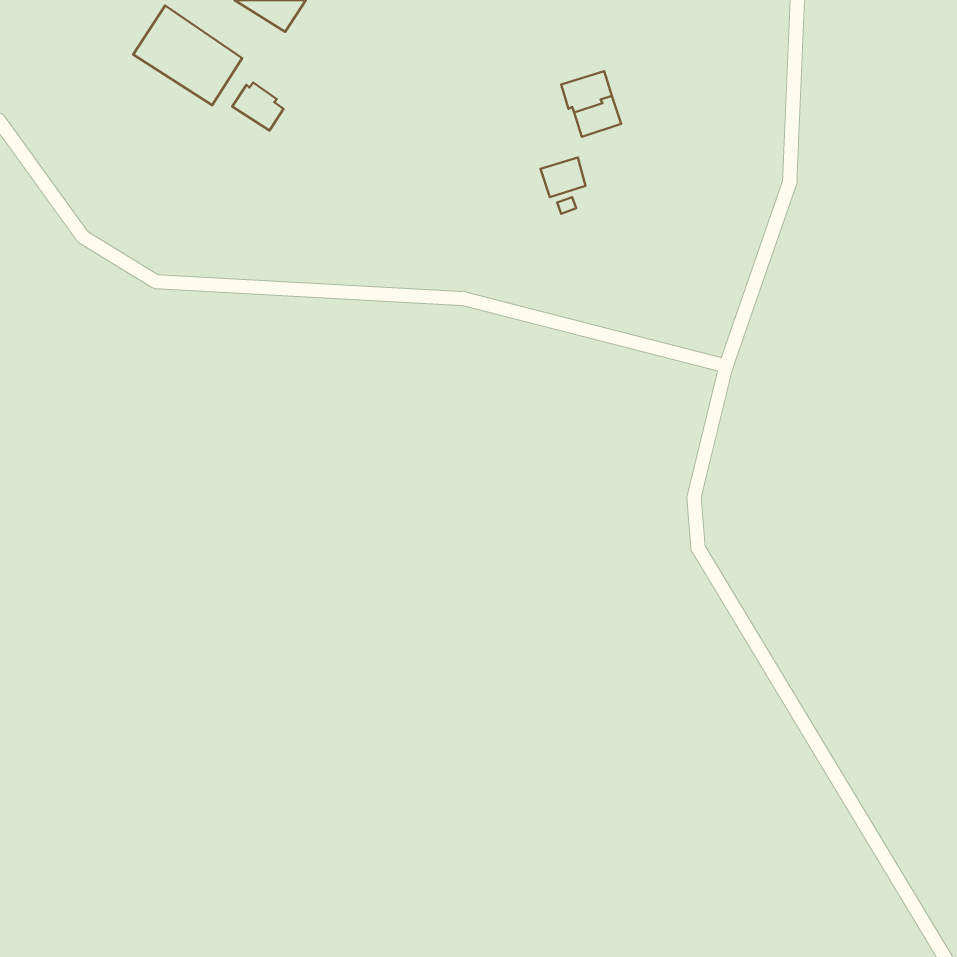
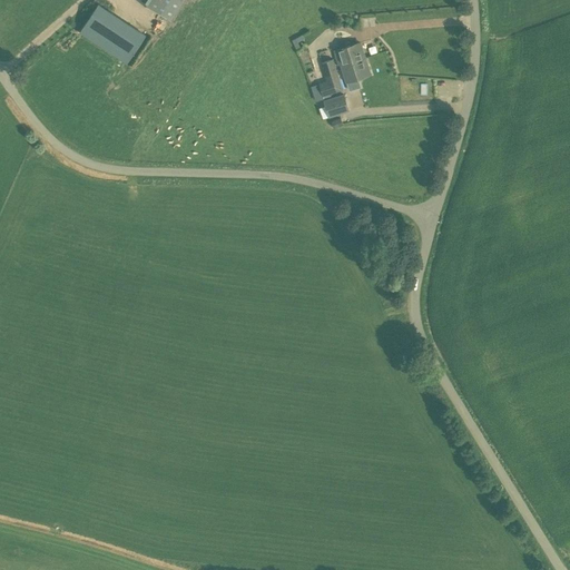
building: [232,83,284,131] -> none
building: none -> [317,60,342,99]

